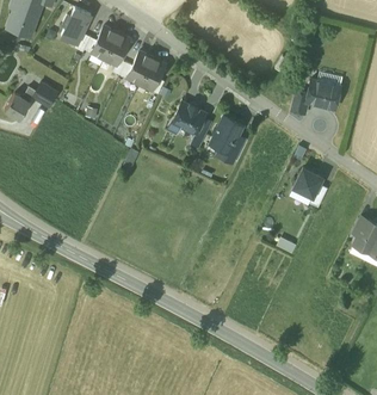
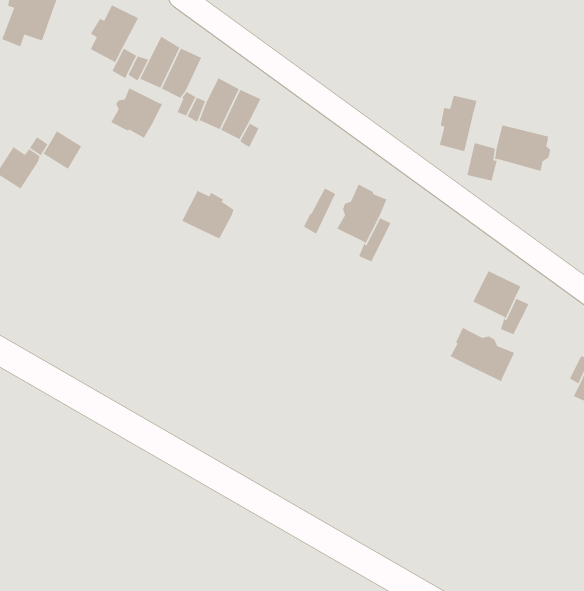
building: none -> [110,87,163,139]
building: none -> [439,95,478,152]
building: [172,103,204,134] -> [181,190,234,241]
building: none -> [449,327,515,382]

